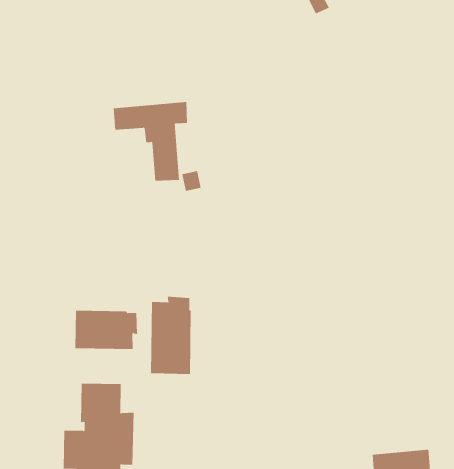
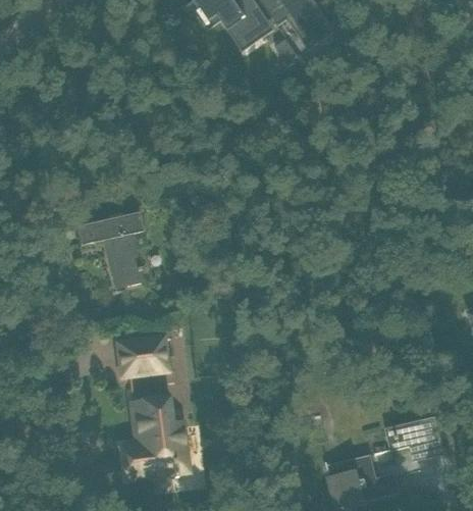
building: [113,101,188,181] -> [75,211,141,283]
building: [150,296,191,375] -> none

